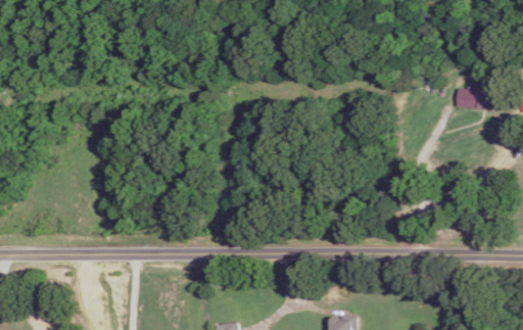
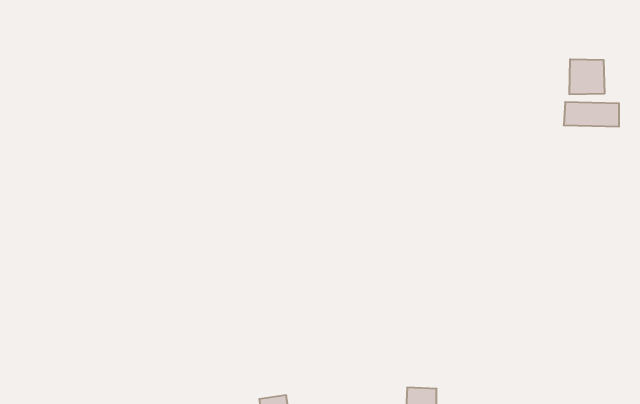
building: none -> [569,59,604,94]

